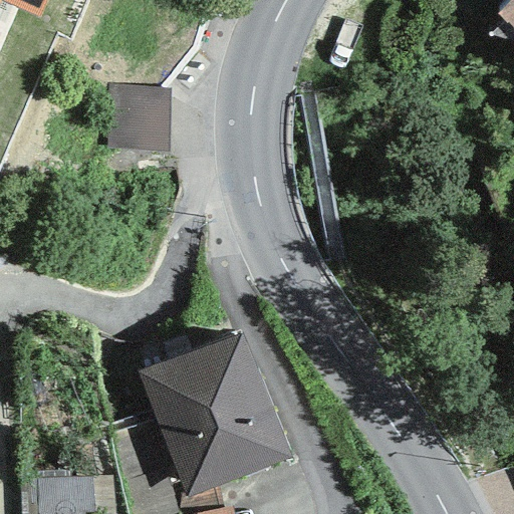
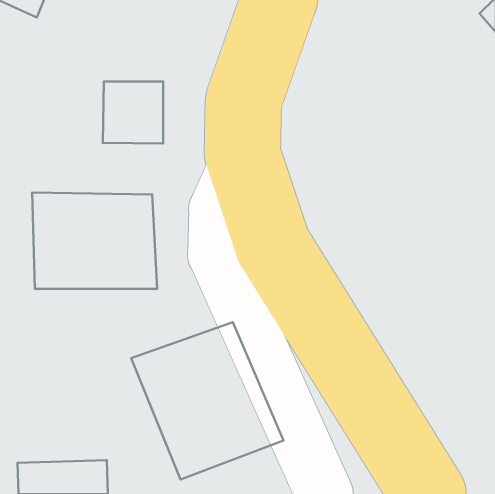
building: none -> [32,193,157,289]

